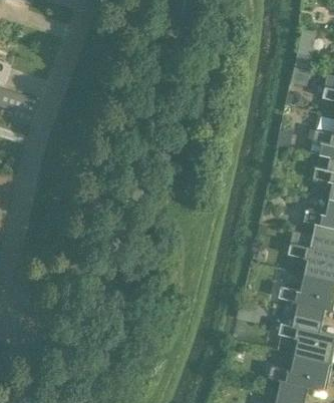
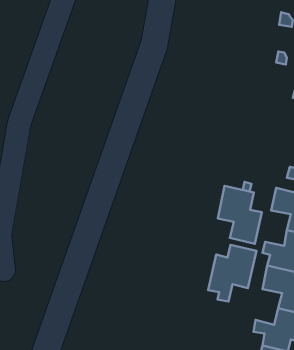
building: none -> [218,186,262,244]
building: none -> [208,245,257,301]

